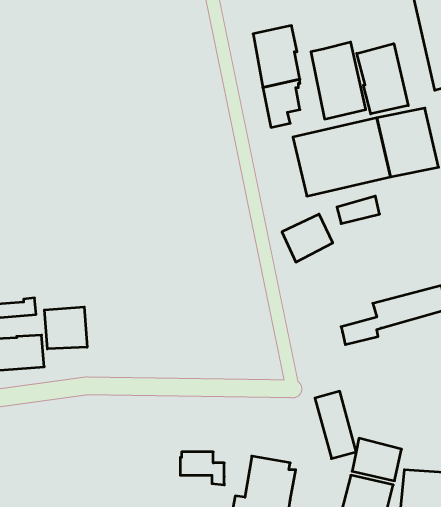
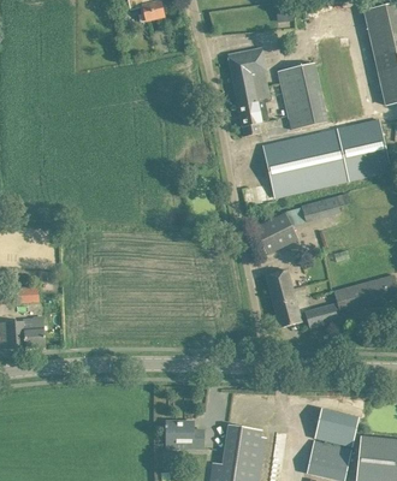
building: [357,44,408,114] -> none
building: [44,307,87,349] -> none
building: [315,391,356,459] -> [266,268,302,327]

